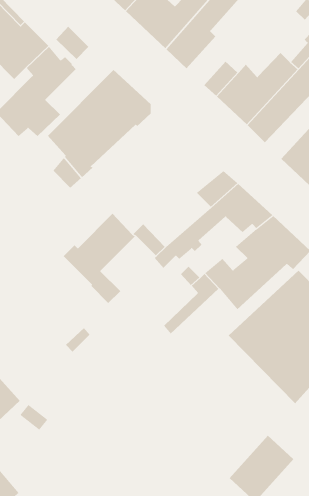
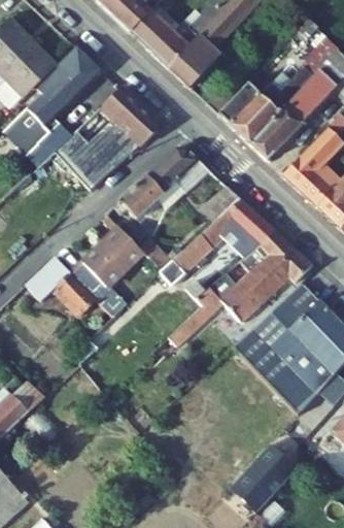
building: none -> [113,147,209,219]
building: none -> [26,256,98,315]

